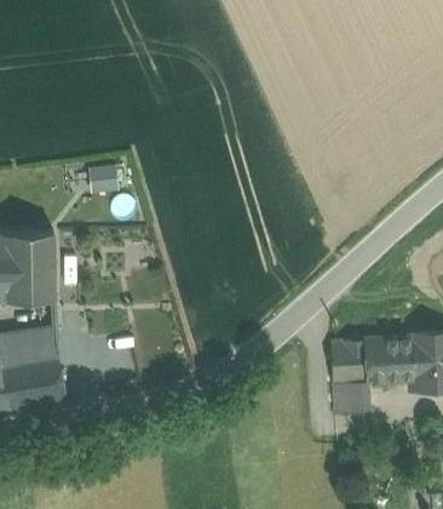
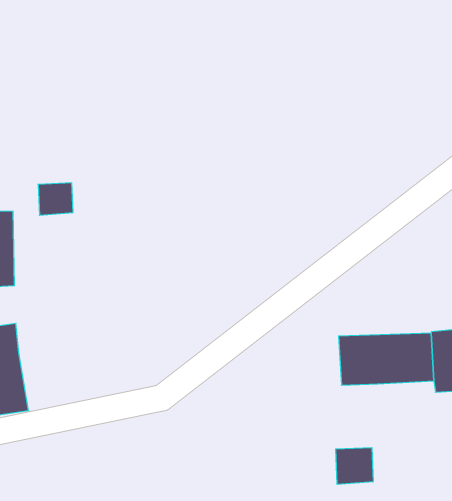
building: [85,164,115,191] -> [38,183,73,215]
building: [335,383,368,414] -> [336,448,373,484]

